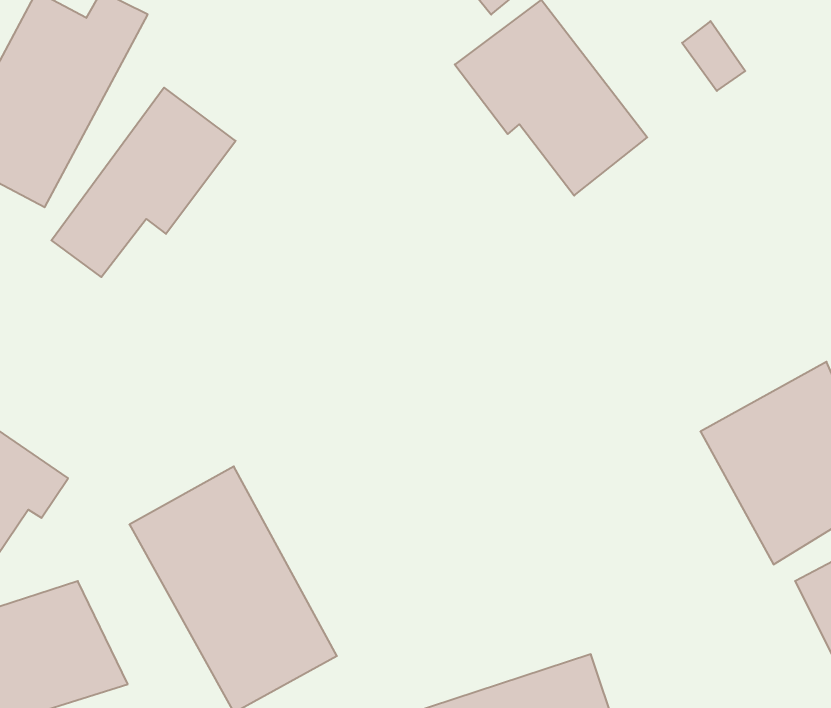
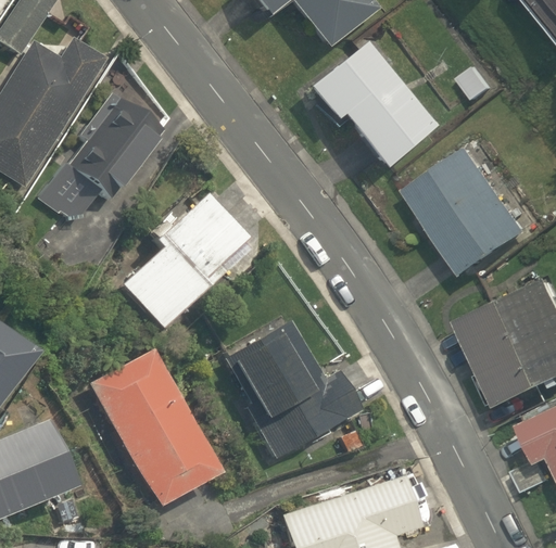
building: none -> [405,144,534,279]
building: none -> [123,188,254,330]
building: none -> [225,321,368,459]

